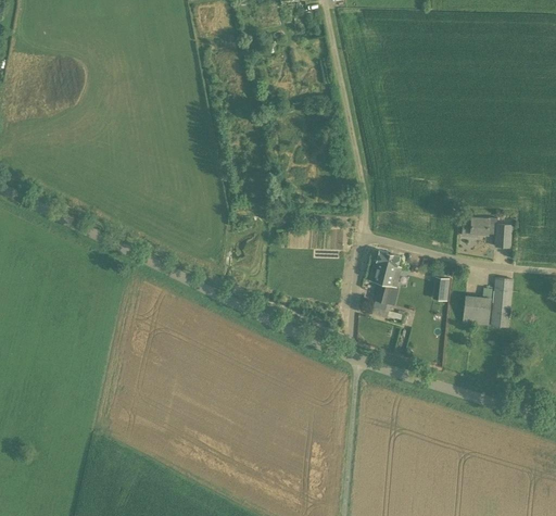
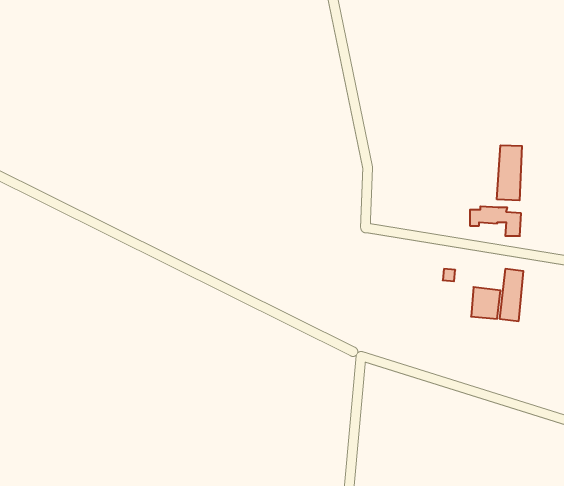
building: none -> [497,145,522,200]
building: [370,251,400,314] -> none

